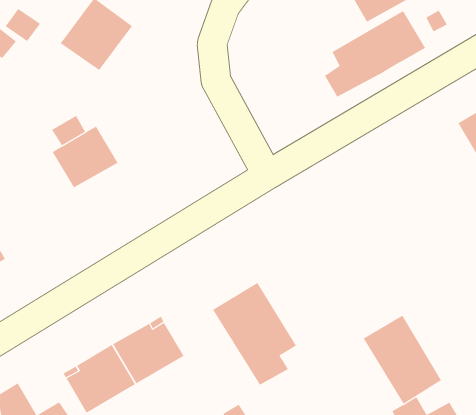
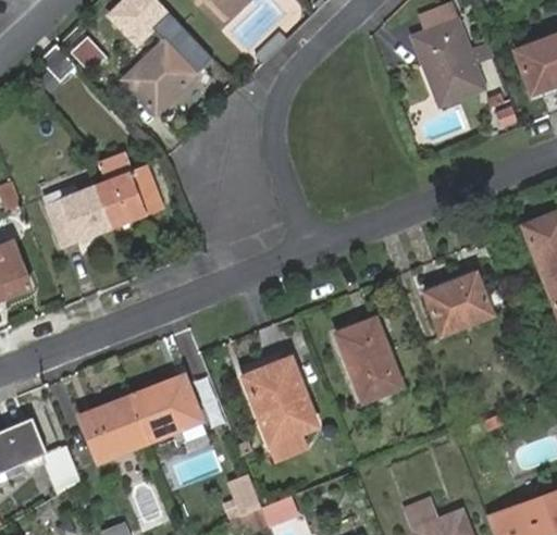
building: [324,10,426,98] -> none
building: none -> [52,187,114,246]
building: none -> [421,273,491,335]
building: [363,315,442,404] -> [327,312,401,403]

